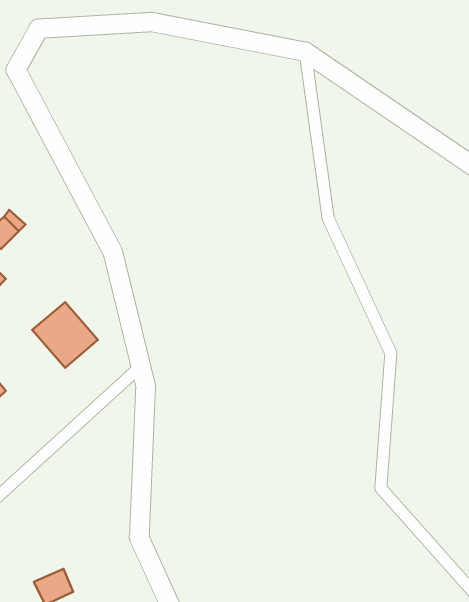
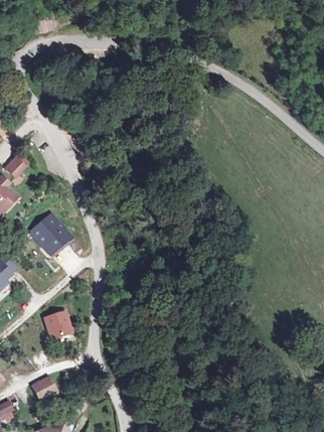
building: none -> [45,310,73,338]

